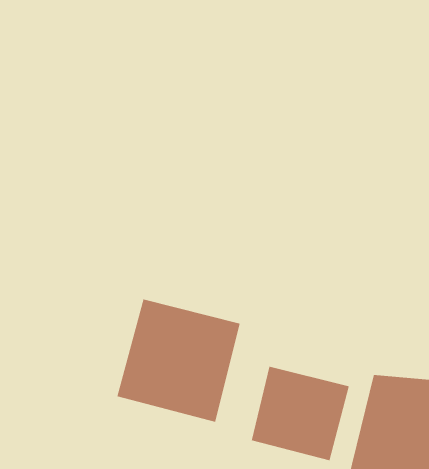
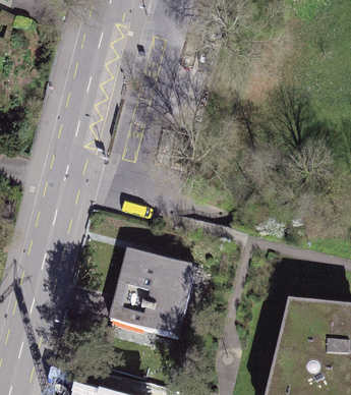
building: [251,366,350,461] -> none

